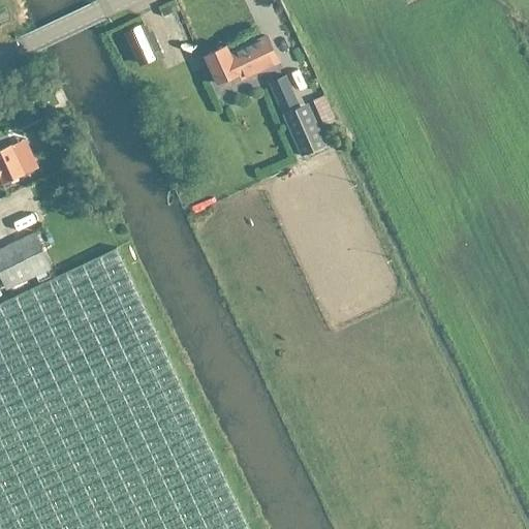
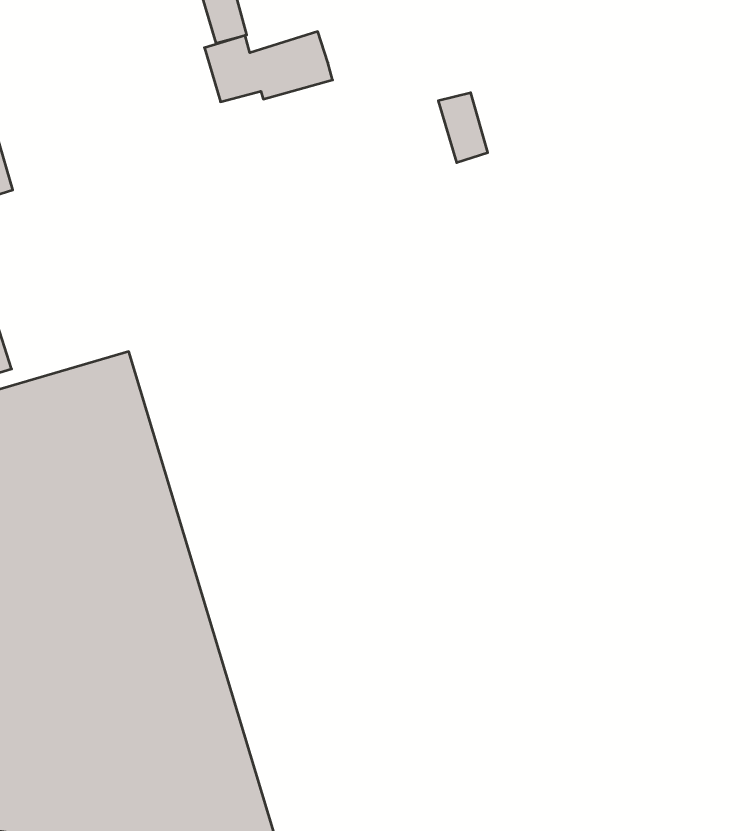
building: [204,37,278,85] -> [204,32,333,102]
building: [283,104,326,156] -> none

